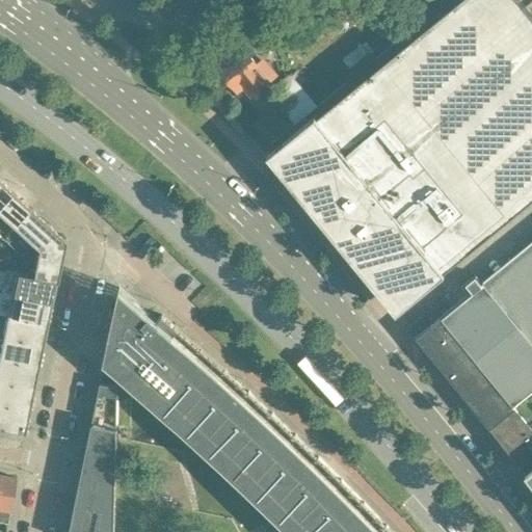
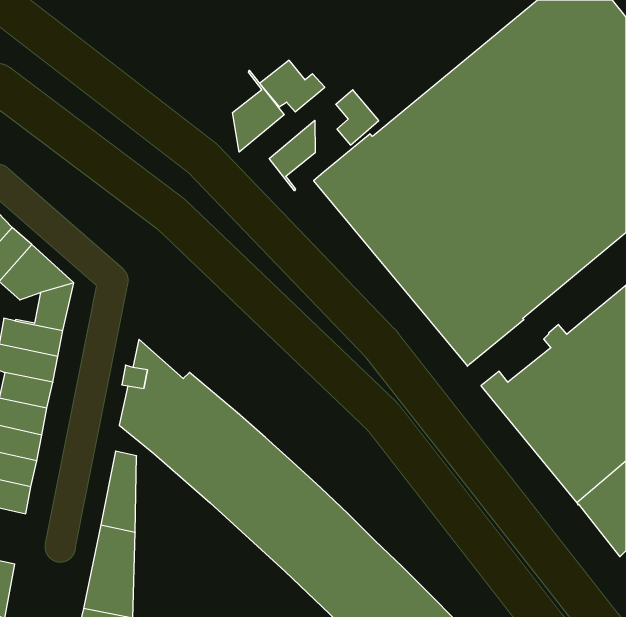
building: none -> [233,70,284,152]
building: none -> [269,120,315,191]

